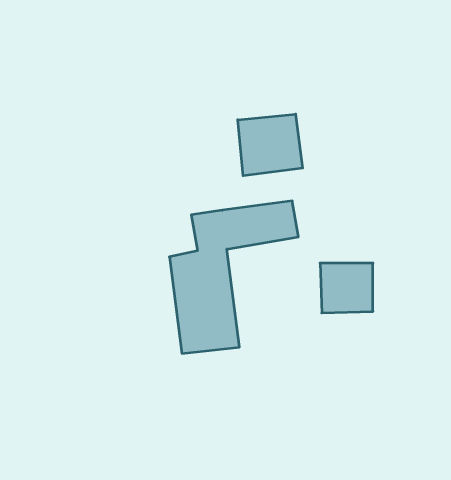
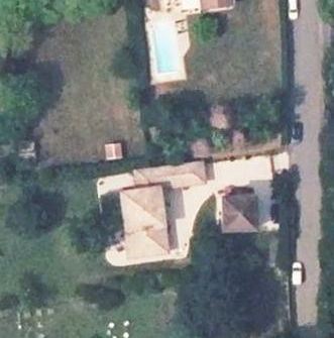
building: [238,114,303,176] -> none

